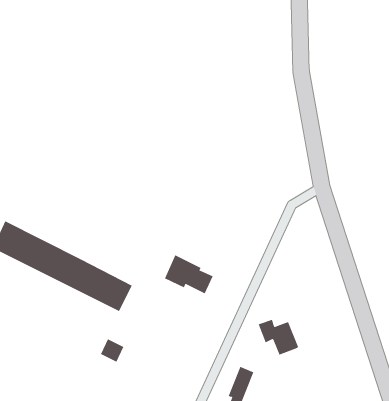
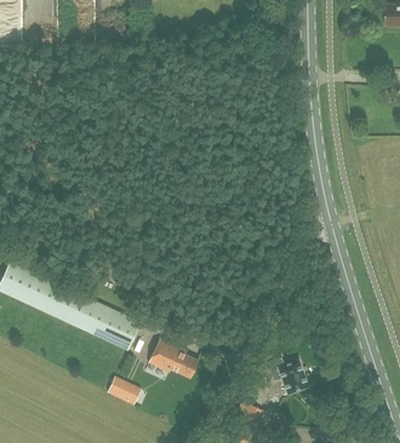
building: [164,254,213,294] -> [148,338,198,378]

